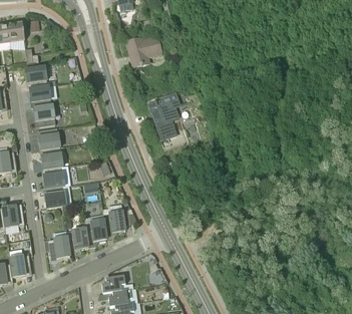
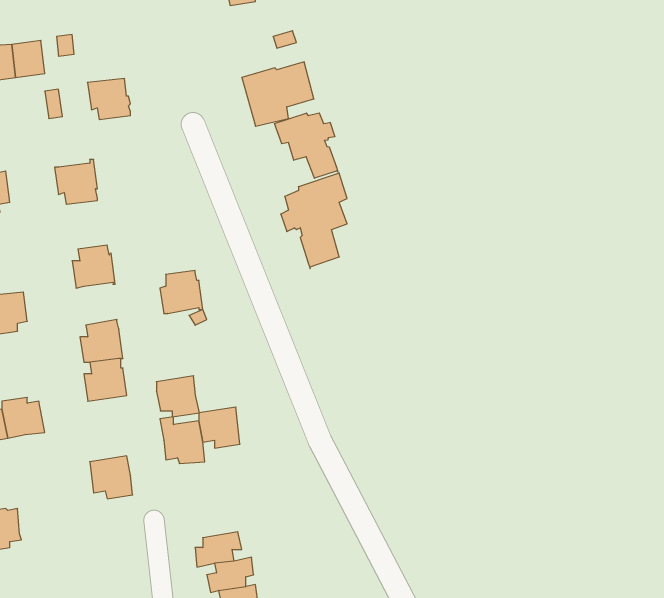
building: none -> [275,113,338,178]
building: [25,66,47,87] -> [87,79,130,120]
building: [33,102,55,125] -> none
building: [41,146,63,169] -> [160,271,203,313]
building: [66,228,88,249] -> [156,376,199,417]
building: [9,254,30,276] -> none

